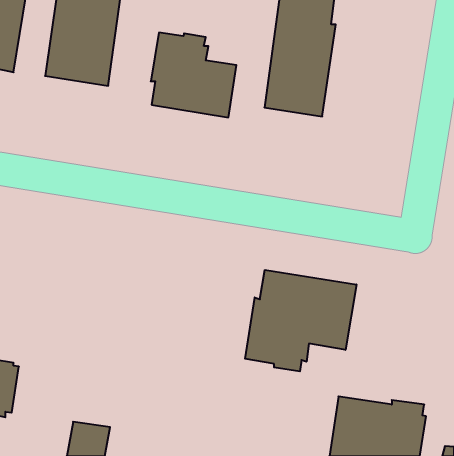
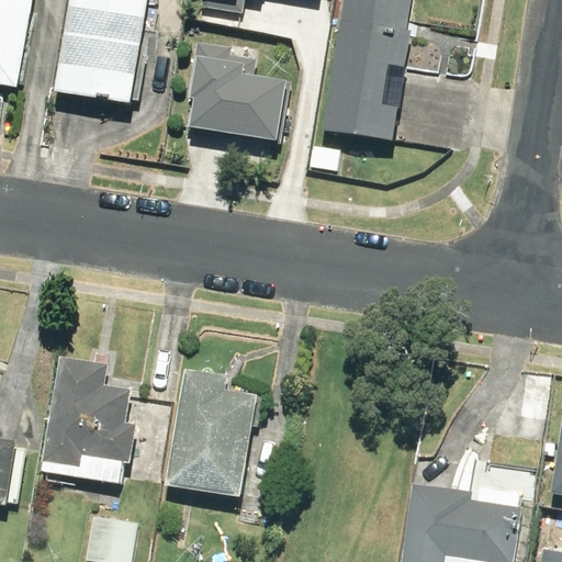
building: [245,270,356,371] -> none
building: none -> [37,355,136,483]
building: none -> [165,368,258,497]

